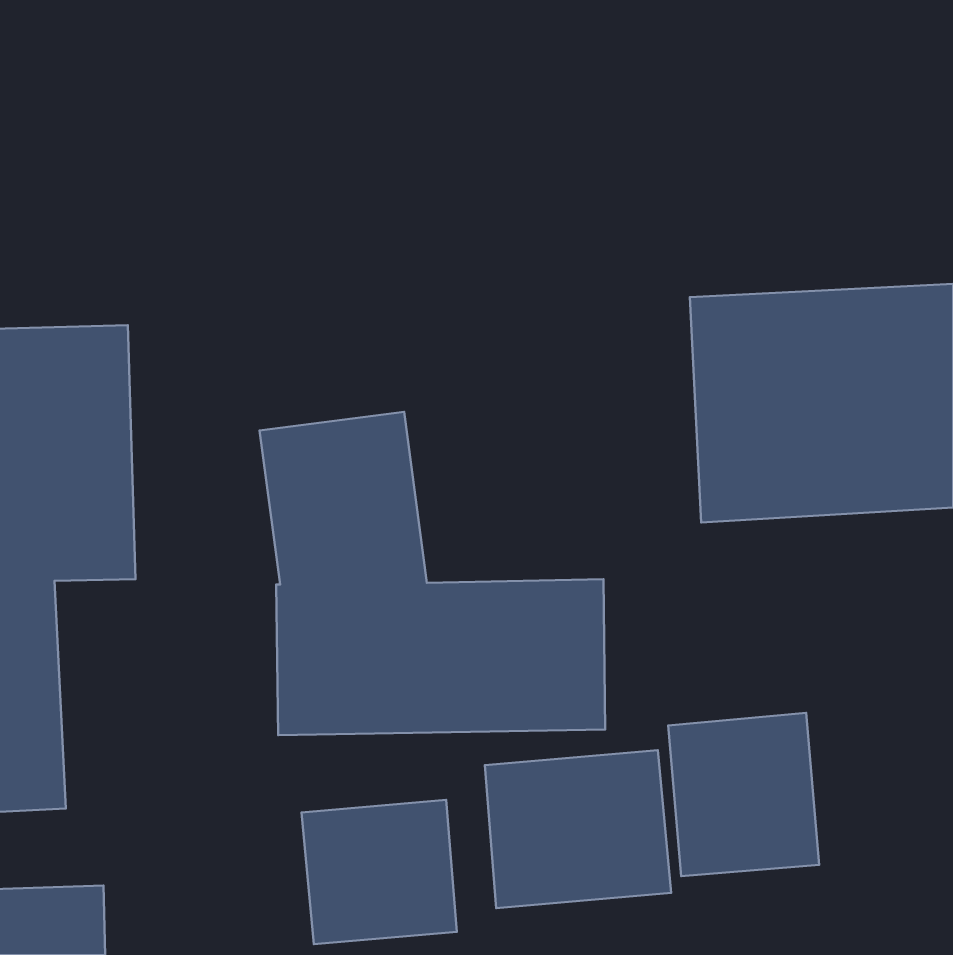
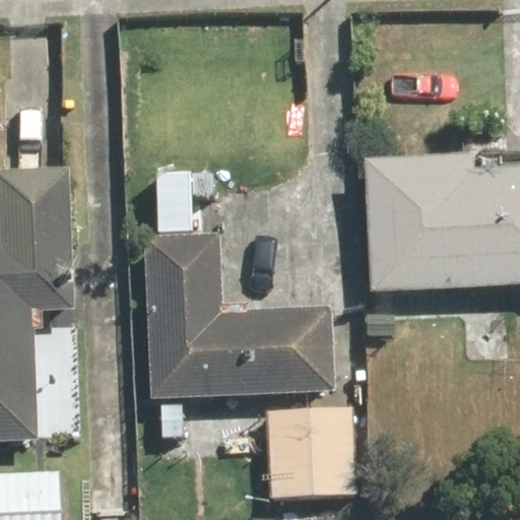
building: [668,713,819,876] -> none
building: [302,800,457,944] -> none

